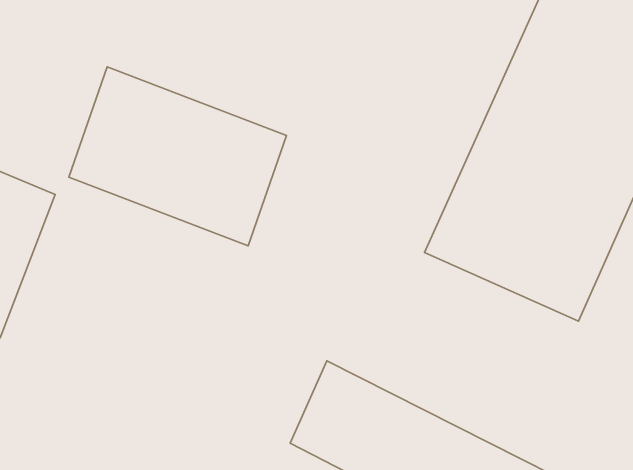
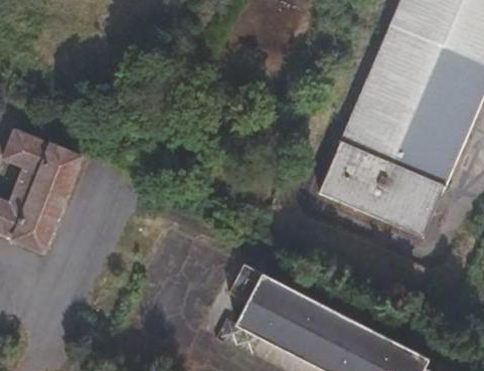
building: [69,67,286,246] -> none

